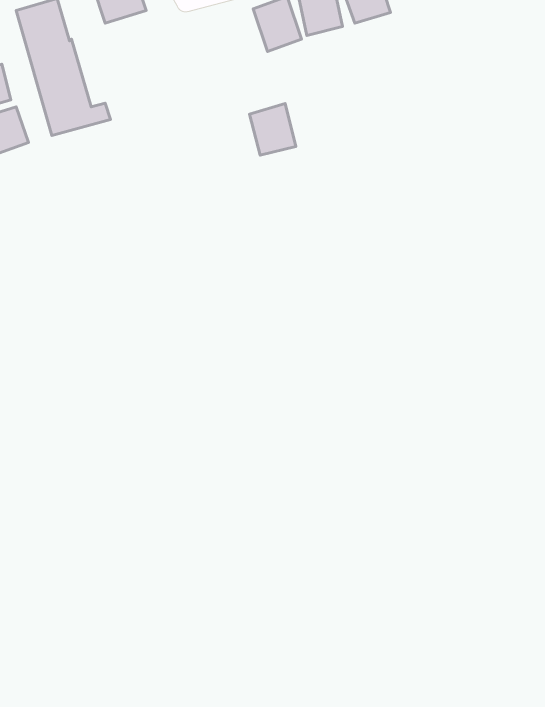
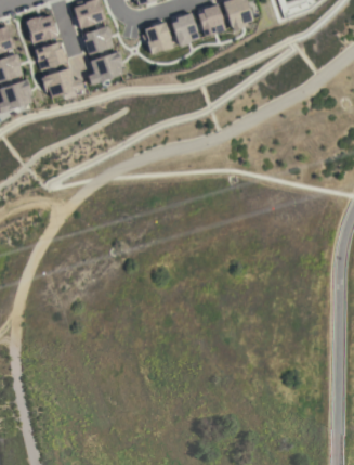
building: none -> [82,25,114,54]
building: none -> [88,51,124,85]
building: [250,104,296,155] -> [144,22,172,53]

